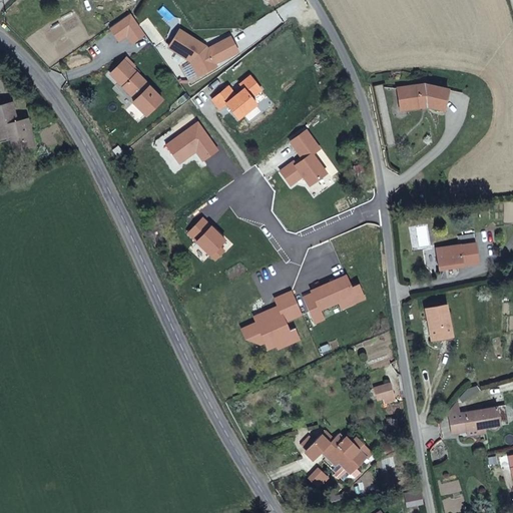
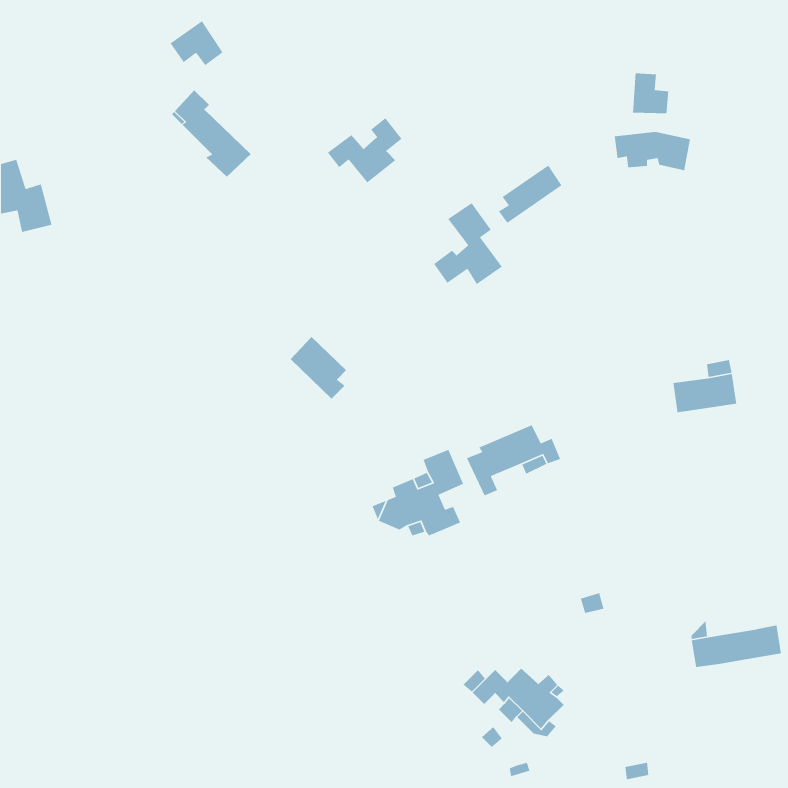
building: [168,30,237,76] -> none
building: none -> [632,73,669,114]
building: none -> [498,164,562,224]
building: [166,122,218,163] -> none
building: [426,305,452,340] -> none

